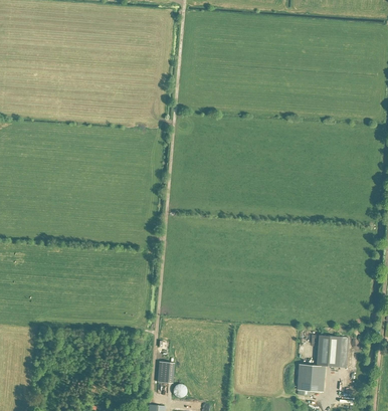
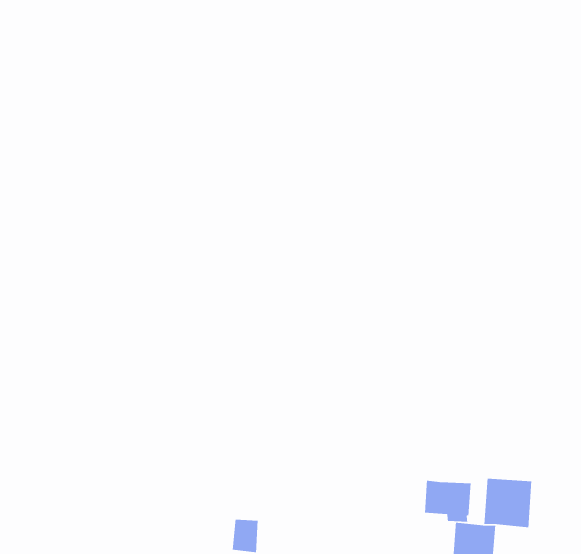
building: none -> [424,480,471,523]

